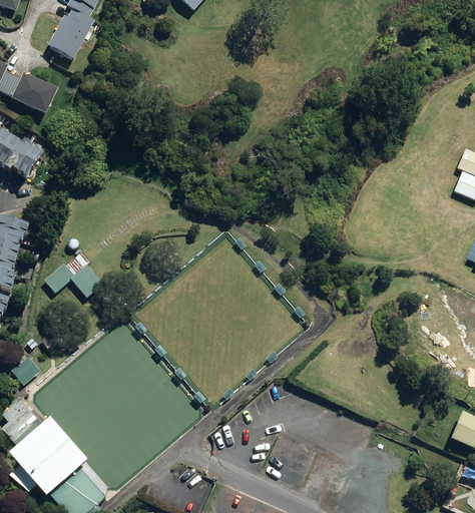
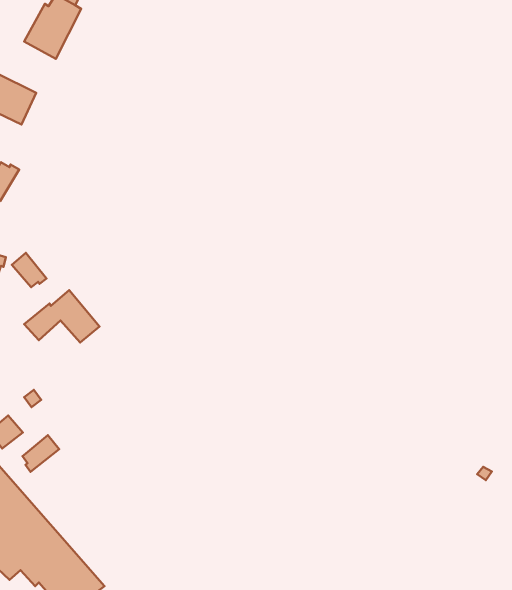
building: none -> [12,253,46,287]
building: none -> [22,435,59,472]

